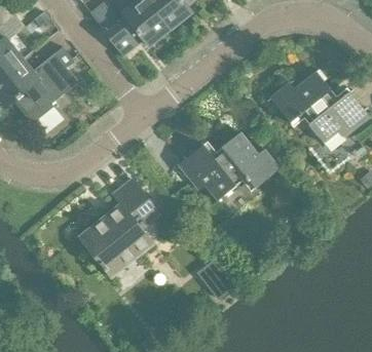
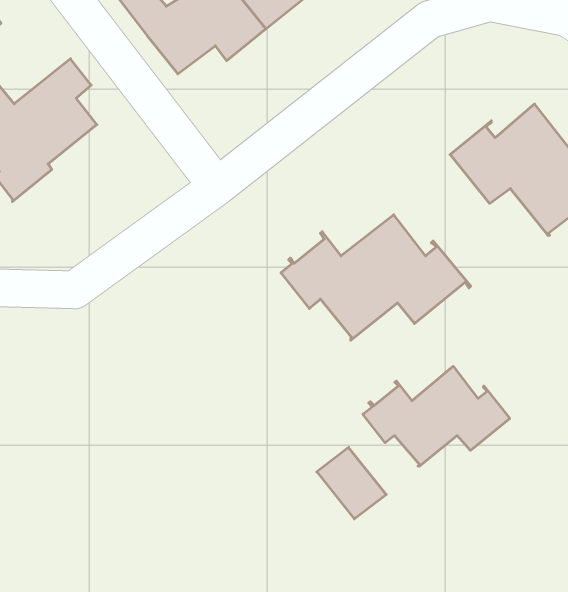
building: [78,179,159,276] -> none
building: none -> [363,366,510,466]

